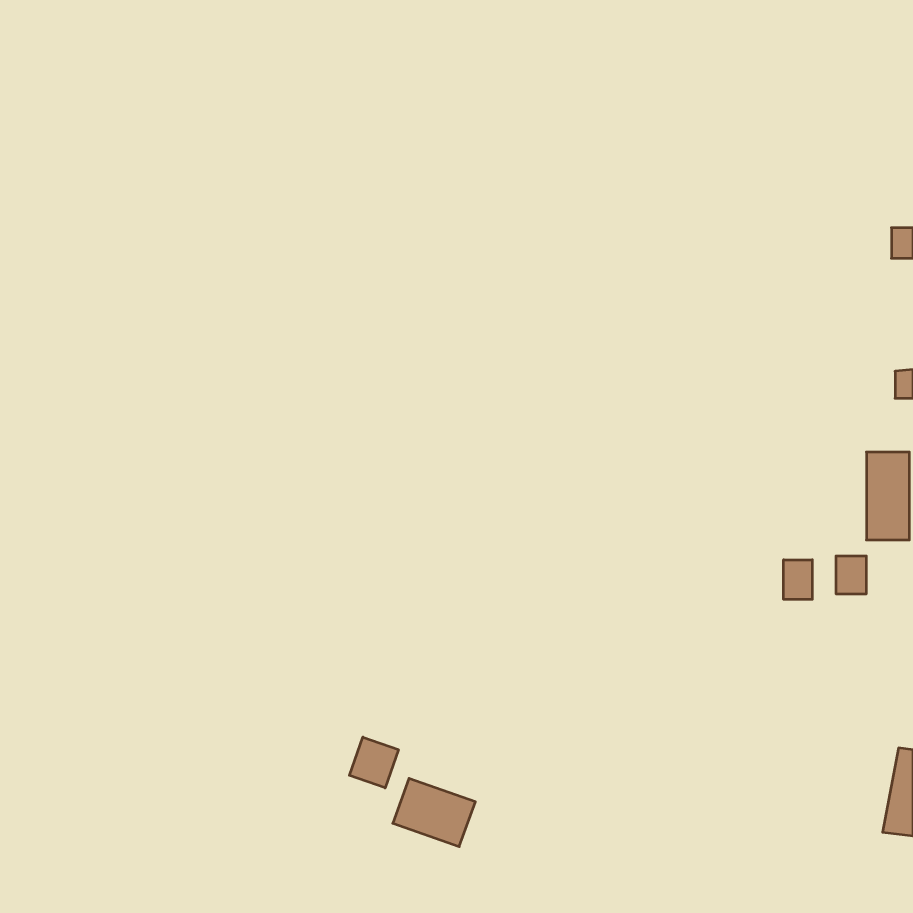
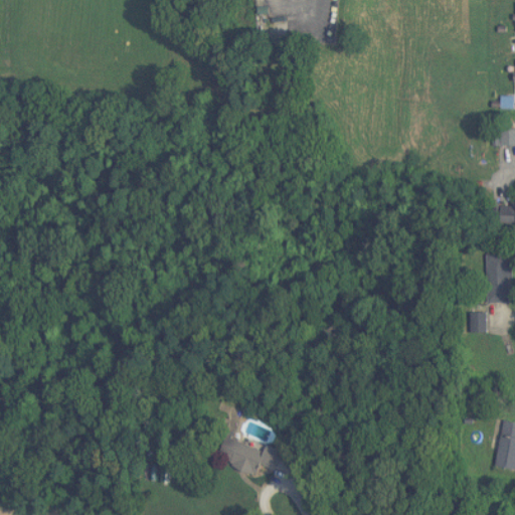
building: [784,560,812,599] -> none
building: [349,737,398,788] -> none

